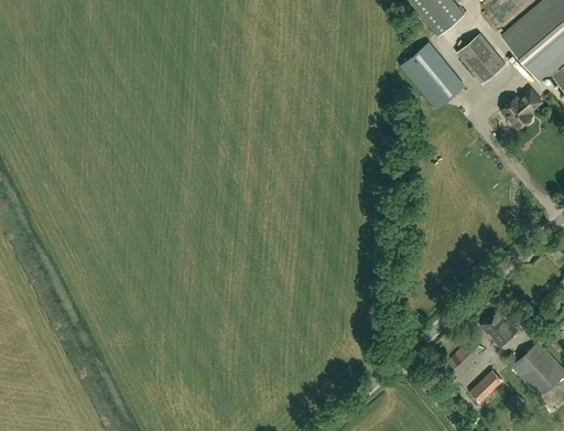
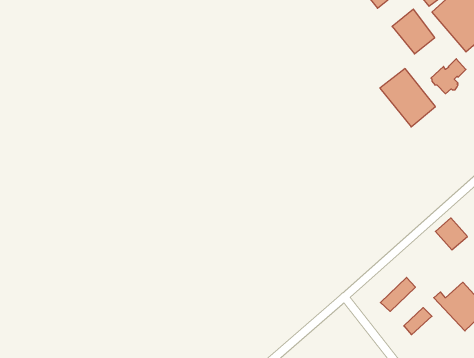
building: [401,43,464,109] -> [380,69,435,127]
building: [481,311,518,347] -> [435,218,467,250]

